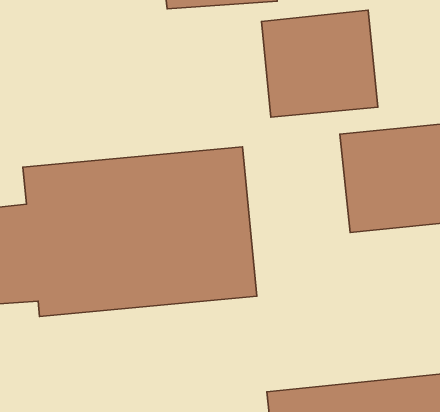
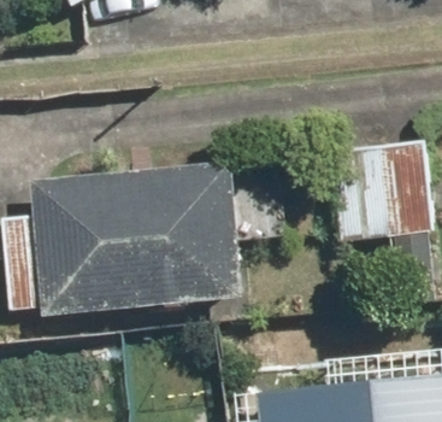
building: [261,10,378,117] -> none

